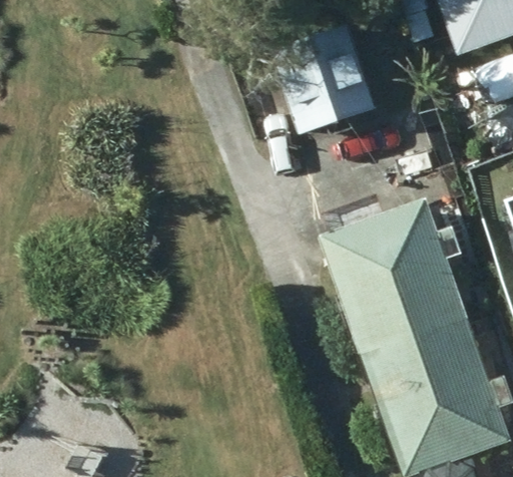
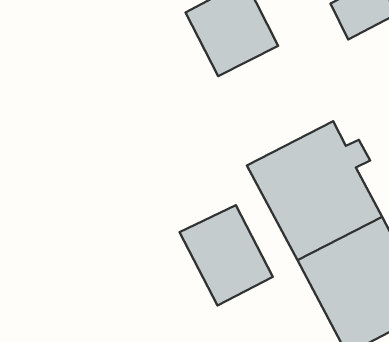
building: none -> [179,205,273,305]

